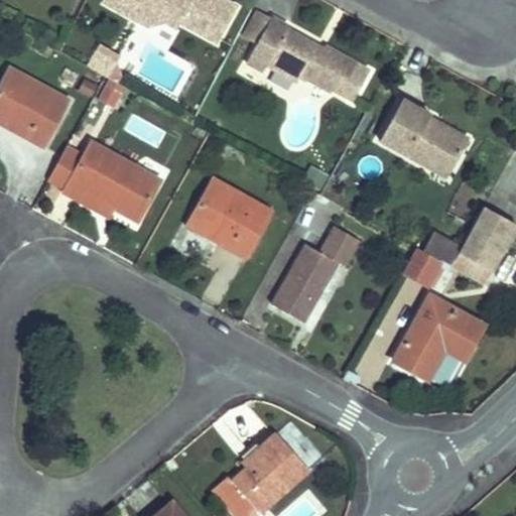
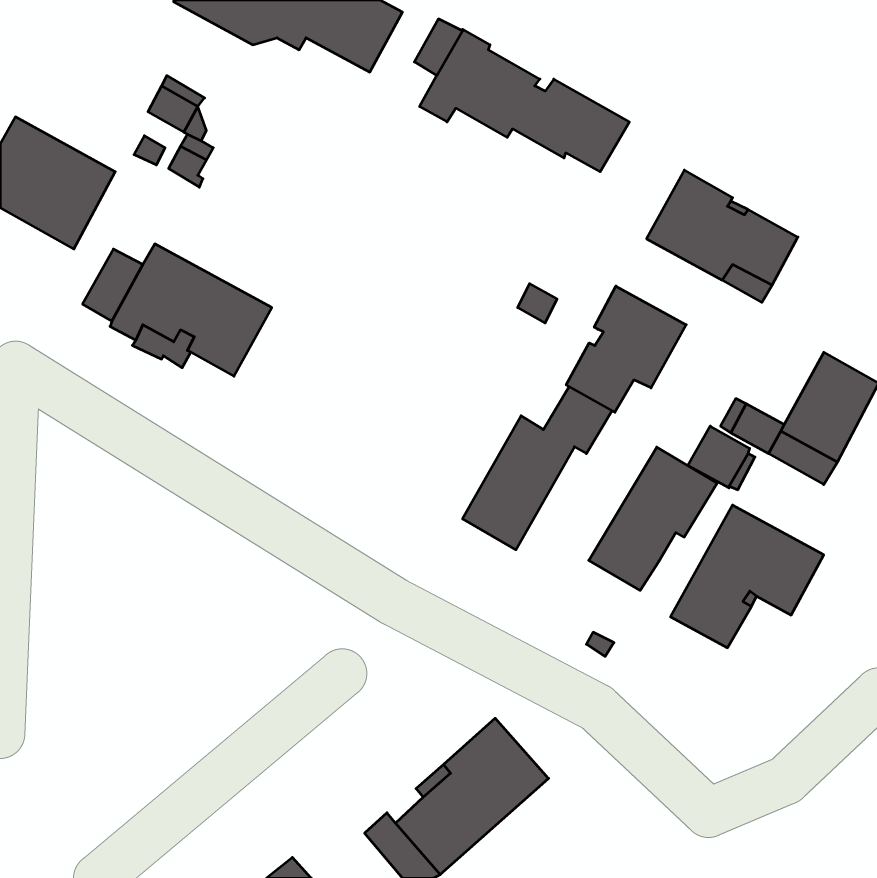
building: none -> [566,286,686,412]
building: [188,179,272,257] -> none
building: none -> [589,447,717,590]

